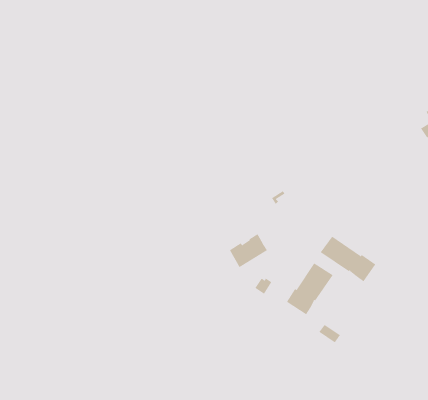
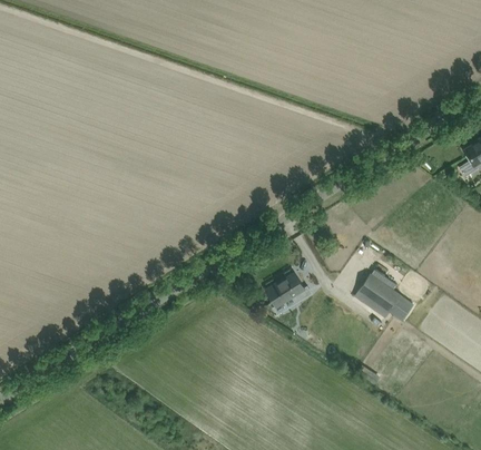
building: [286,262,334,315] -> none

